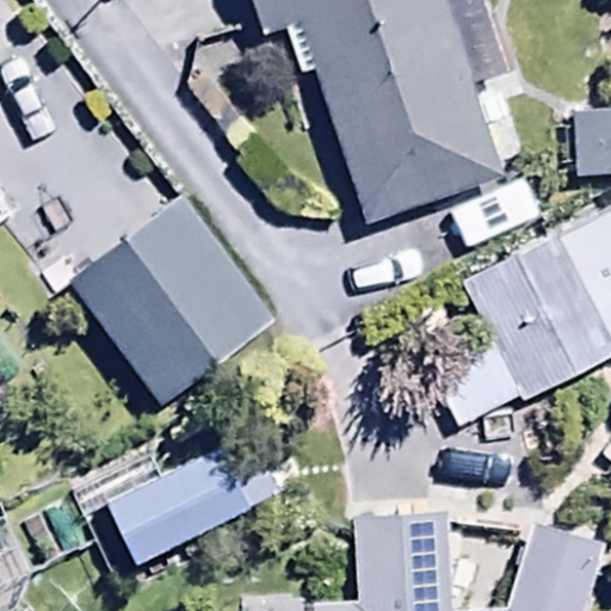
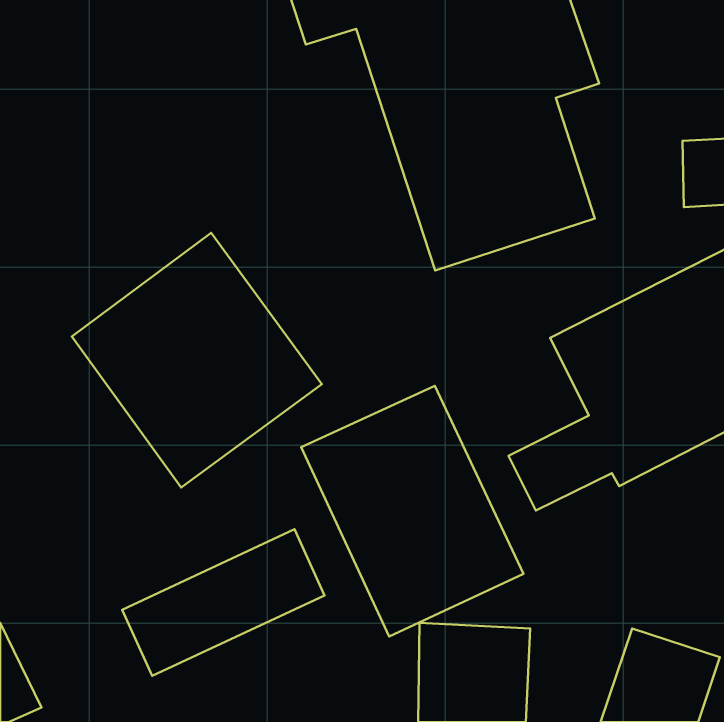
building: none -> [301,386,524,636]

